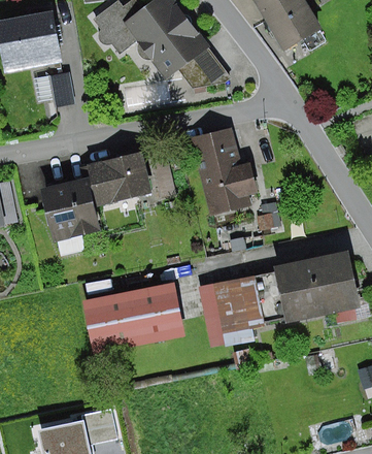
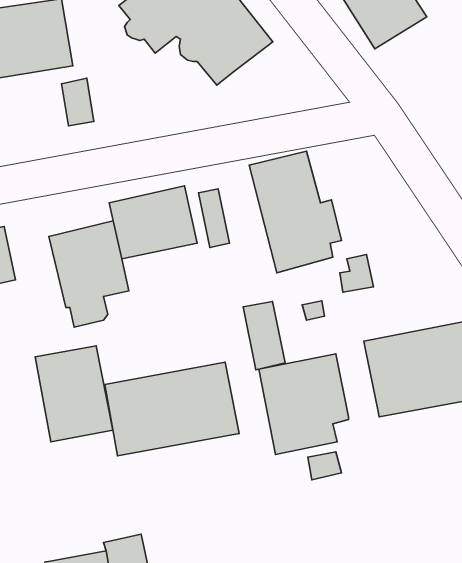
building: [177,45,231,87] -> none
building: none -> [35,346,113,442]
building: [253,271,284,322] -> [243,301,285,370]

